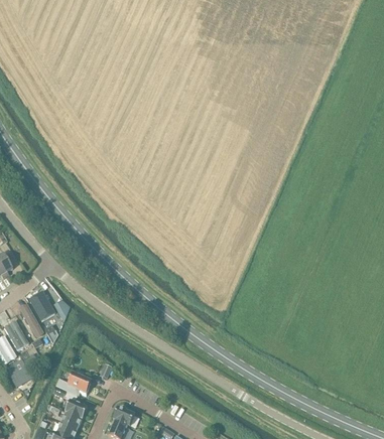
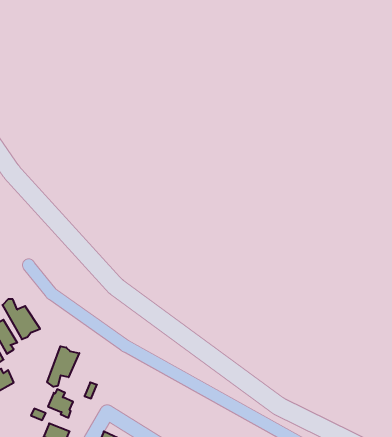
building: none -> [47,346,79,387]

